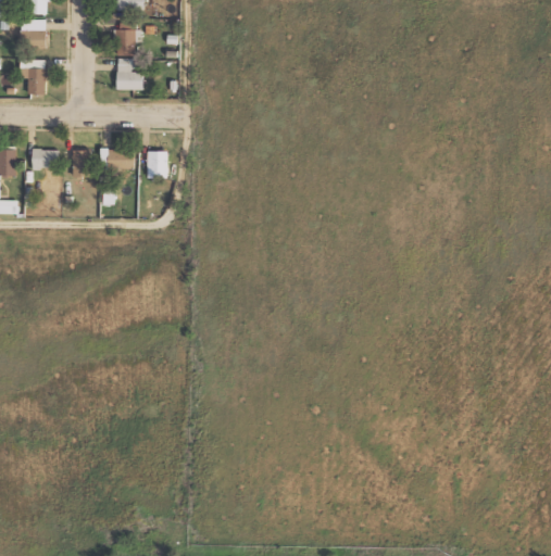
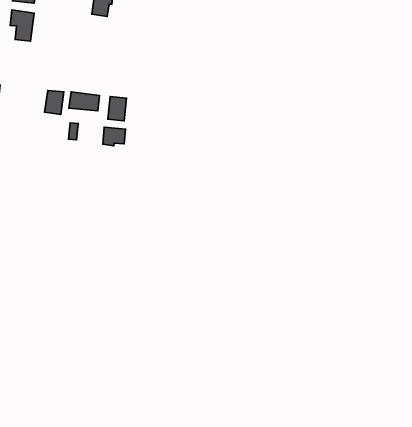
building: [116,58,142,89] -> none
building: [32,149,58,168] -> none
building: none -> [103,127,125,146]

